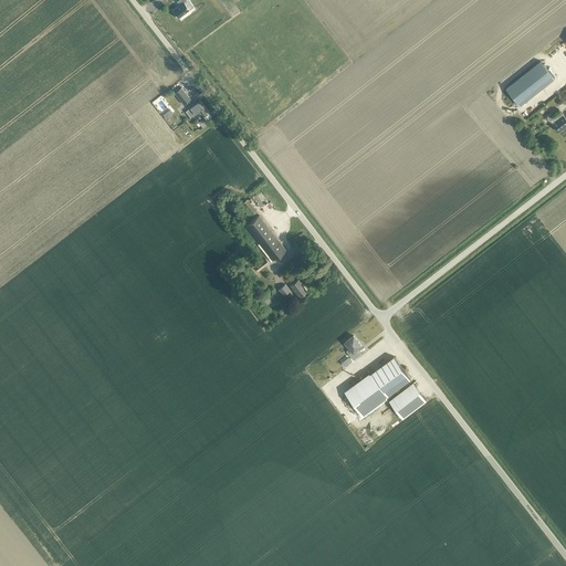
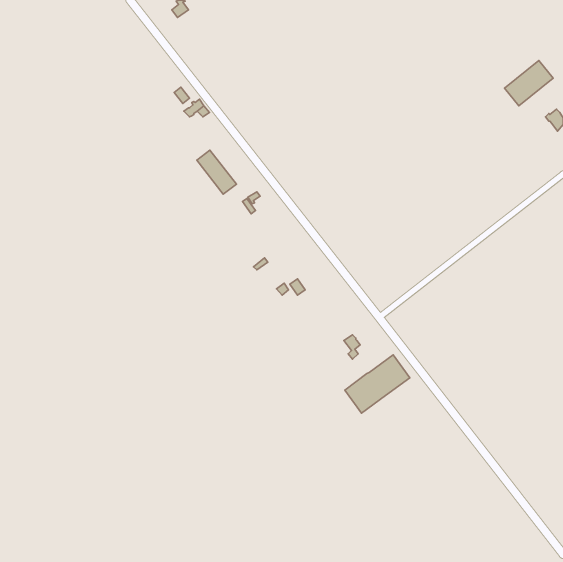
building: [245,217,285,261] -> [197,150,236,194]
building: [389,384,427,419] -> none

